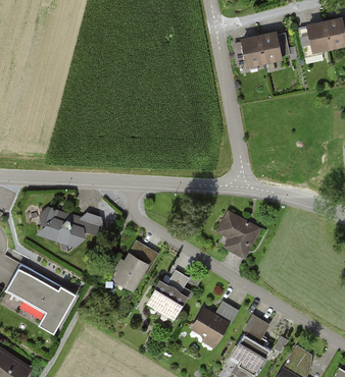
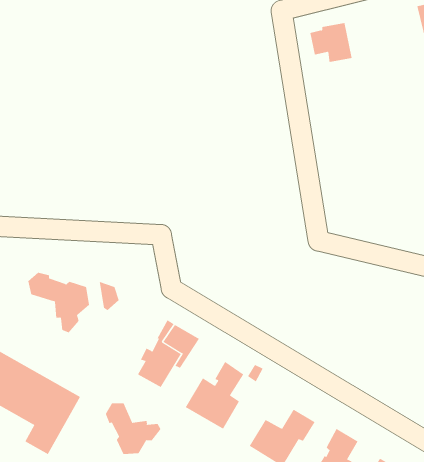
building: [257,34,280,62] -> none
building: [217,213,257,257] -> none
building: none -> [105,402,161,455]

